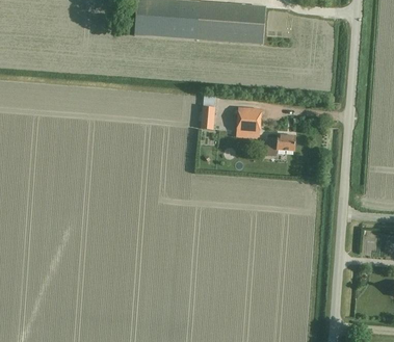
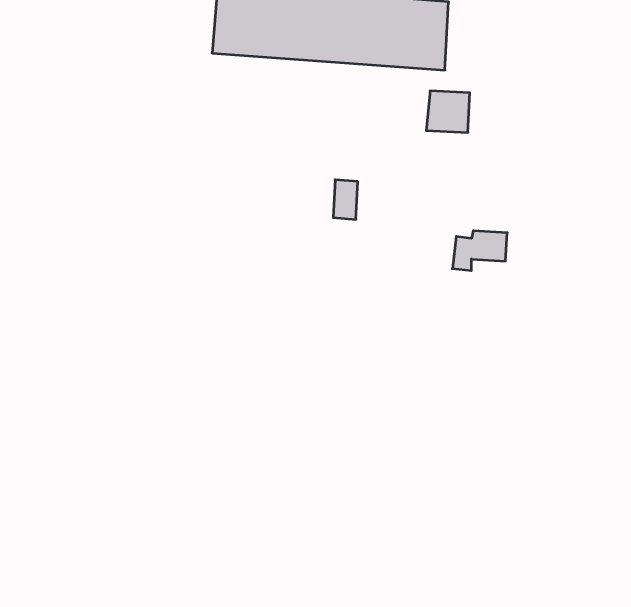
building: [237,108,261,131] -> [426,91,470,132]

